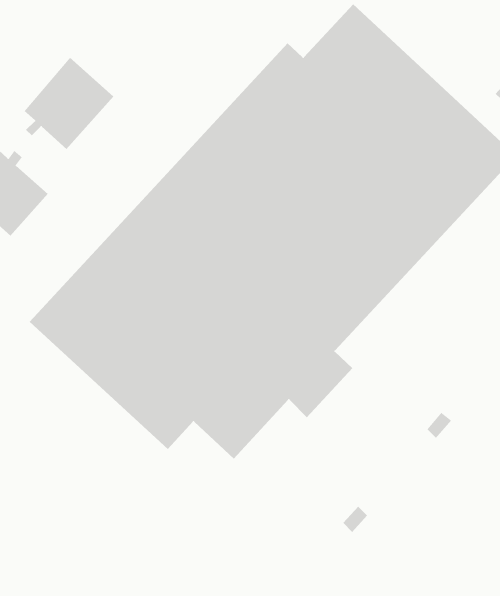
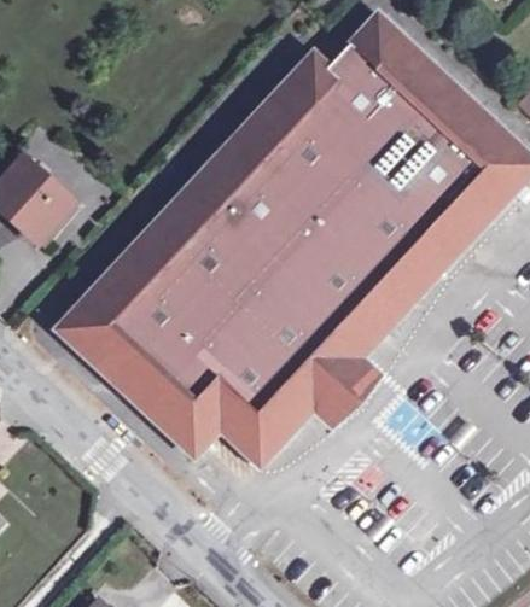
building: [23,57,114,150] -> none

